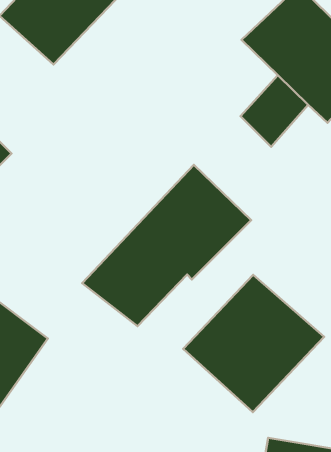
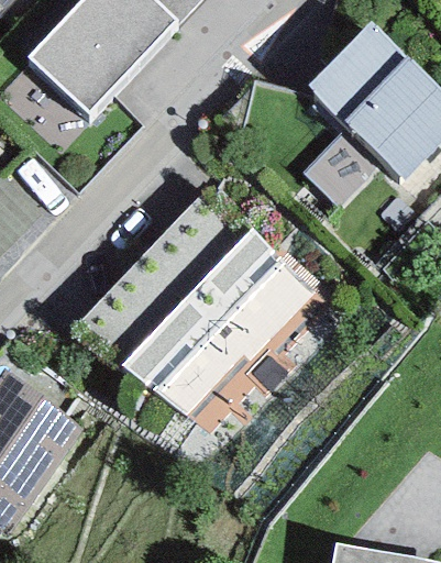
building: [183,275,324,412] -> none

